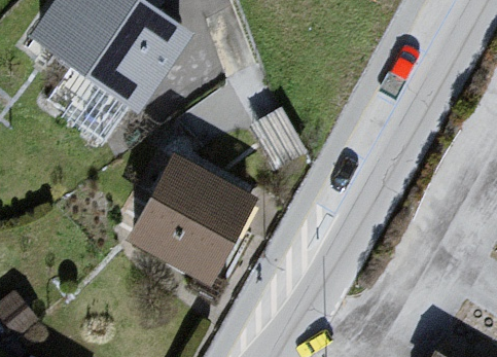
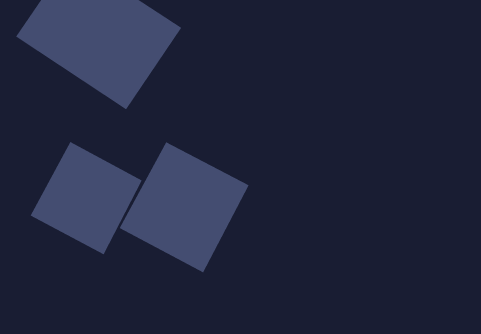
building: none -> [30,141,143,255]

